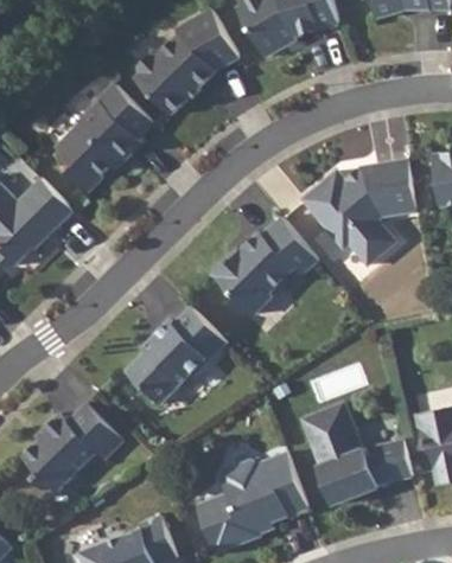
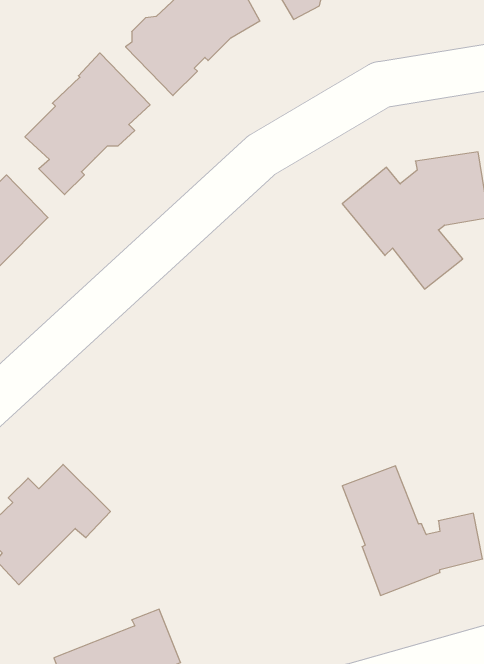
building: [208,216,307,313] -> none
building: [126,306,227,403] -> none
building: [196,452,308,551] -> none

